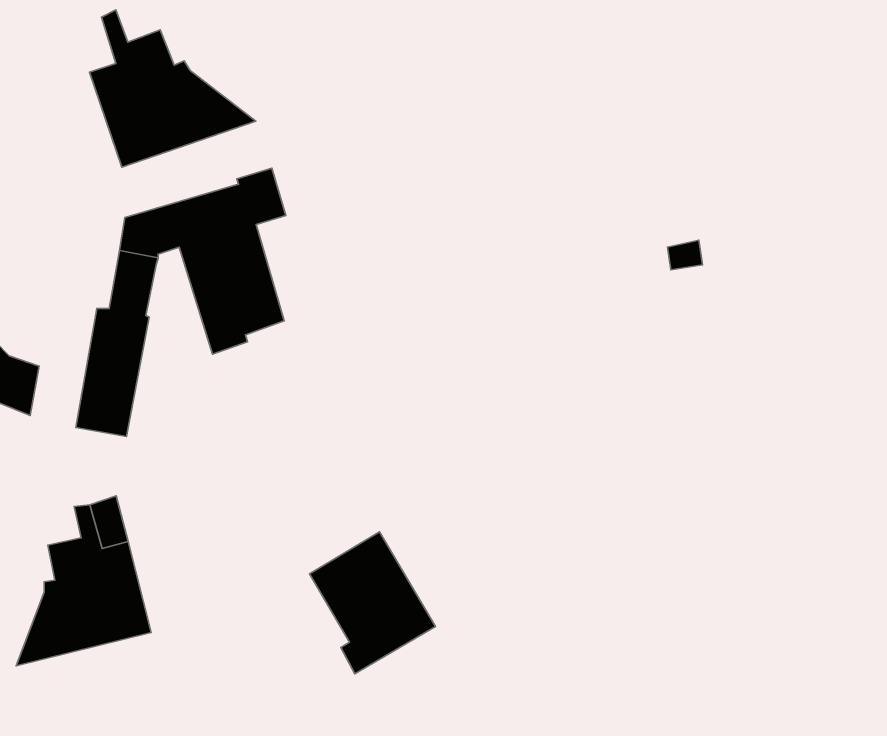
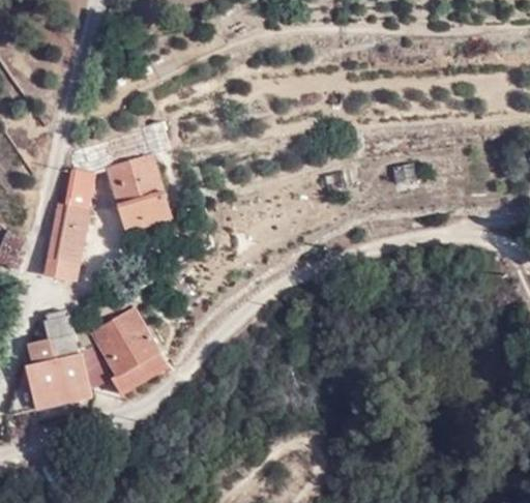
building: [89,10,256,167] -> none
building: [309,532,435,674] -> [92,310,167,394]

